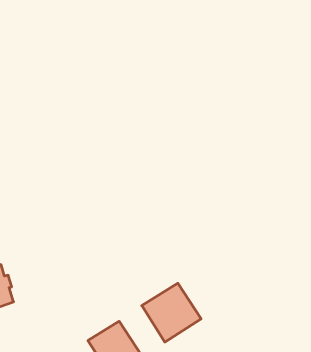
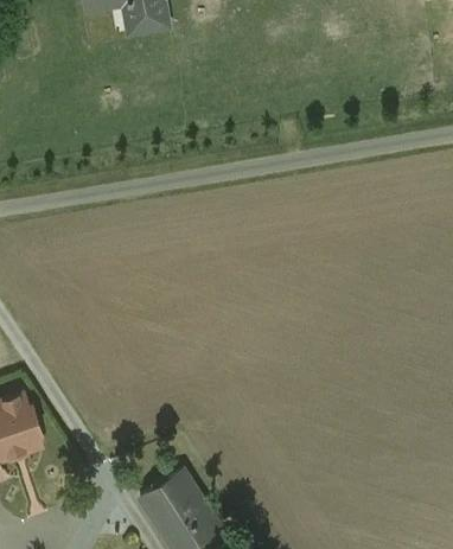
building: [142,283,201,342] -> none

